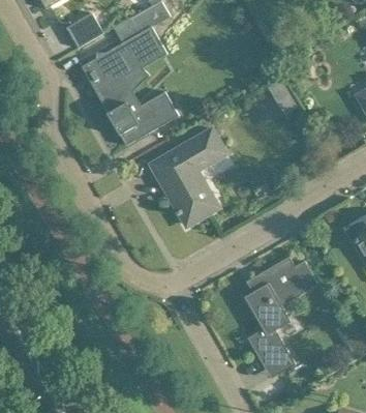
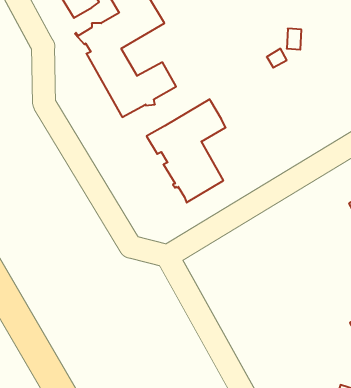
building: [244,256,318,367] -> none

